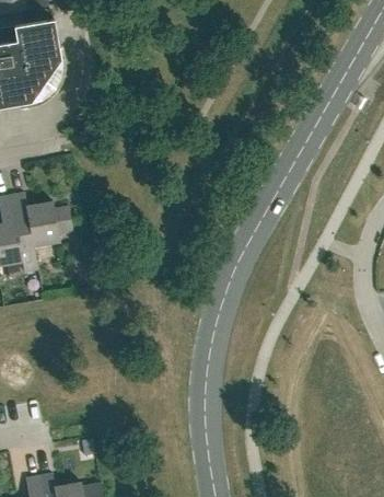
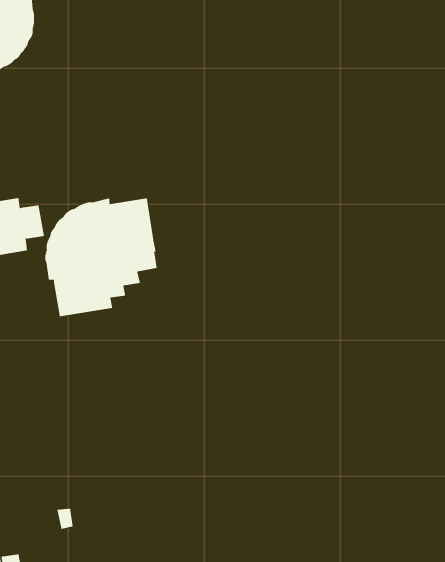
building: none -> [45,197,157,317]

